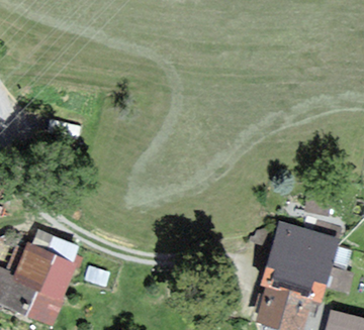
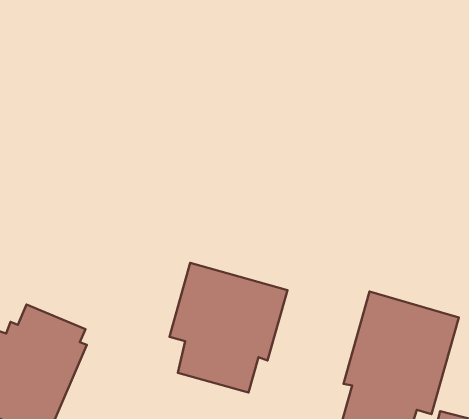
building: none -> [169,263,288,392]

